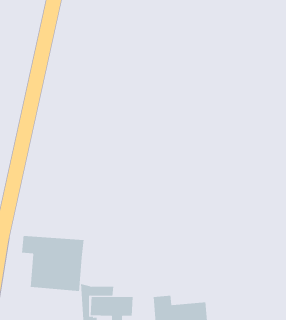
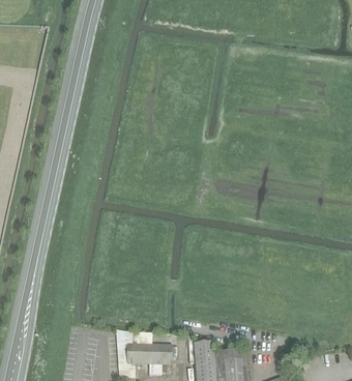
building: [21,235,84,292] -> none

